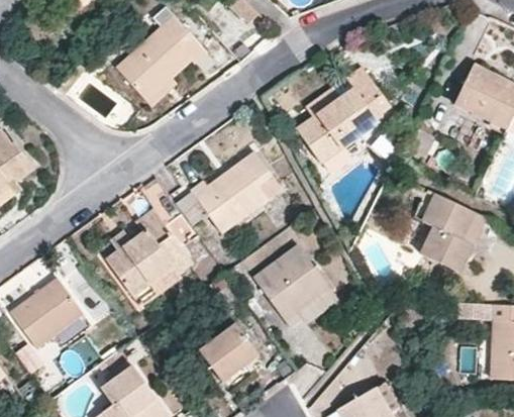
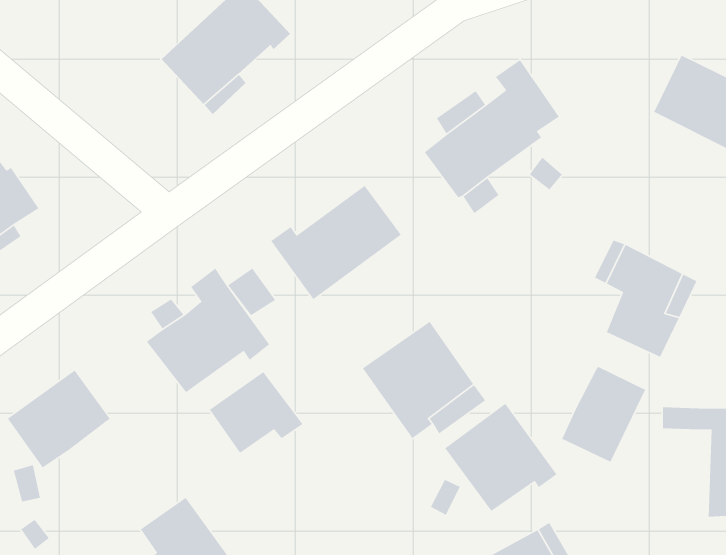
building: none -> [561,366,646,463]
building: none -> [444,403,558,512]
building: [201,324,266,381] -> [209,371,304,454]

